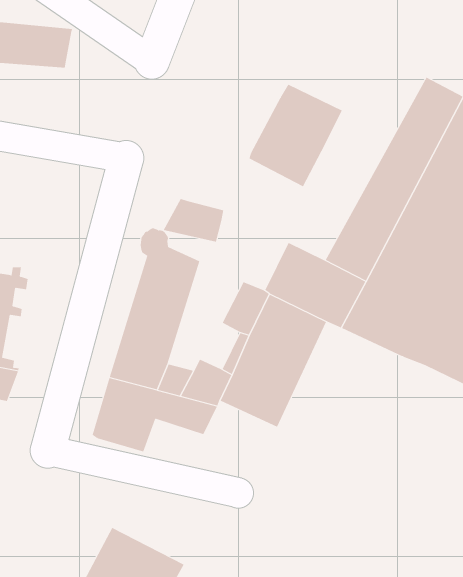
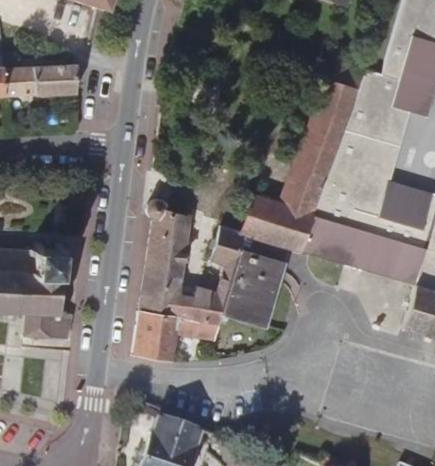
building: [249,84,342,187] -> none
building: [163,198,224,243] -> none

